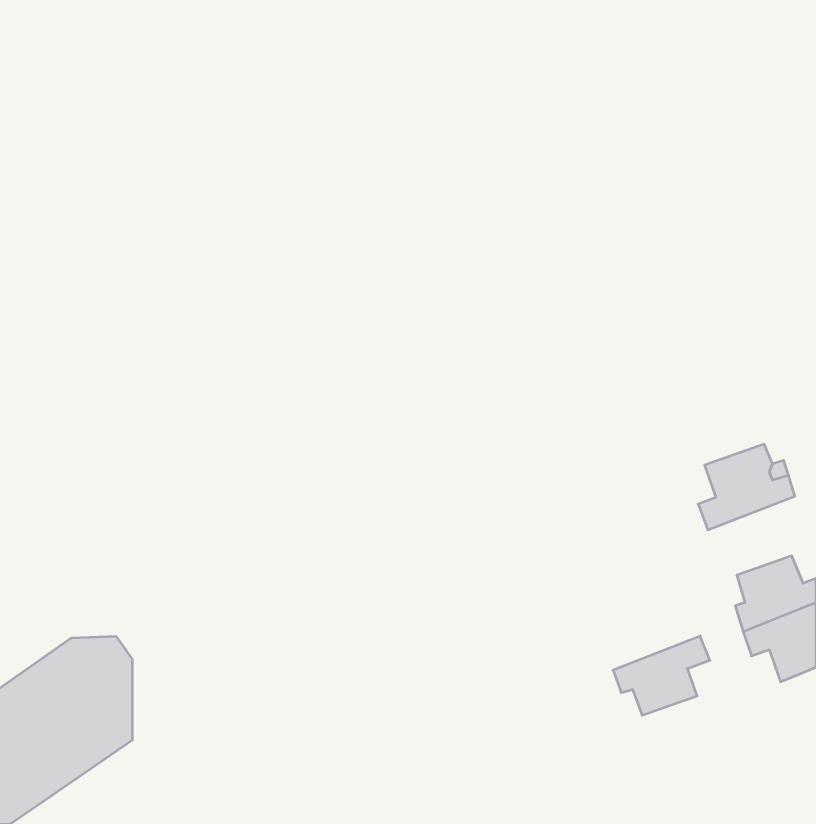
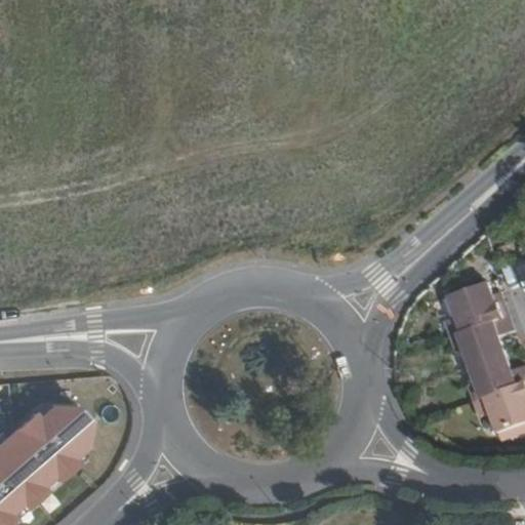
building: [613,636,710,715] -> [449,315,511,365]

